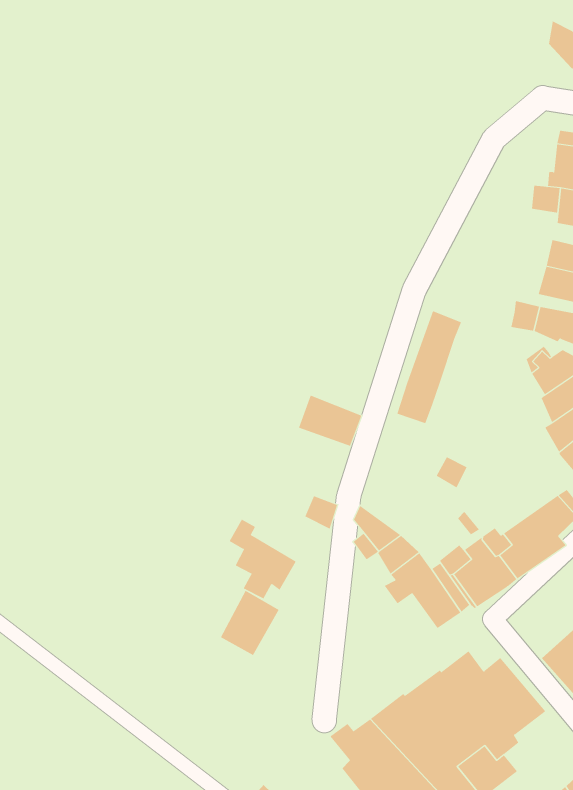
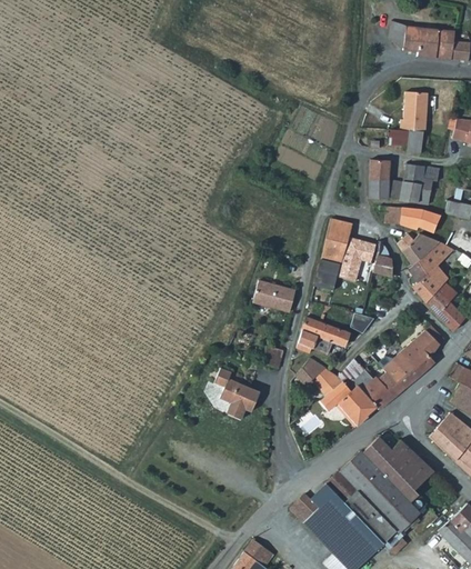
building: none -> [370,160,391,199]
building: none -> [340,234,393,282]
building: none -> [301,316,352,355]
building: [220,590,280,656] -> none

